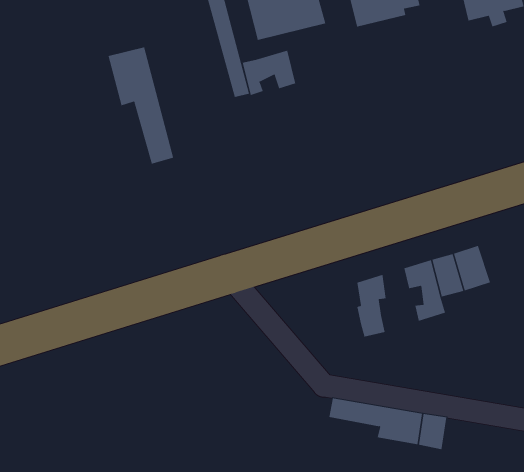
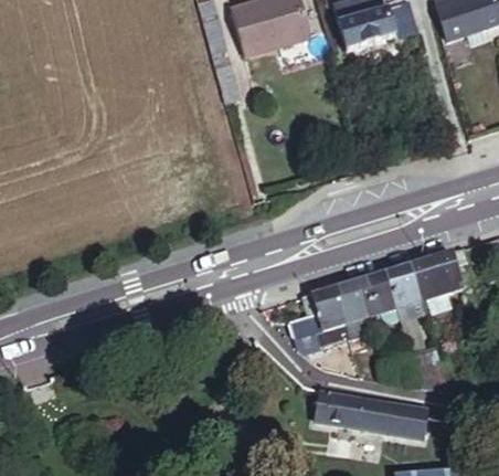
building: [108,47,174,165] -> none
building: [242,50,296,96] -> none
building: none -> [362,269,402,313]
building: none -> [290,283,344,346]

